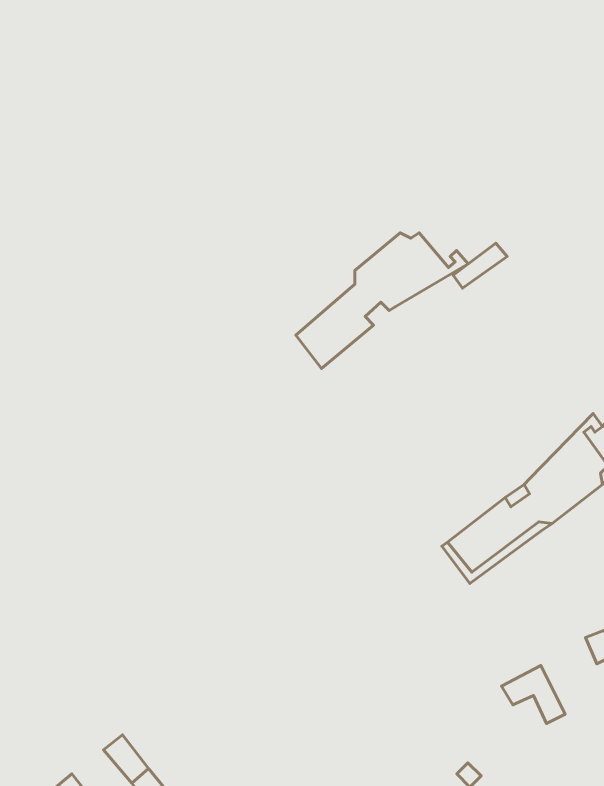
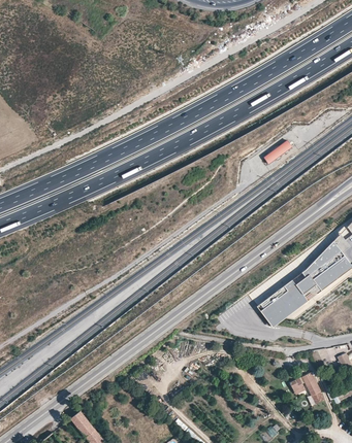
building: [296,233,468,369] -> none

